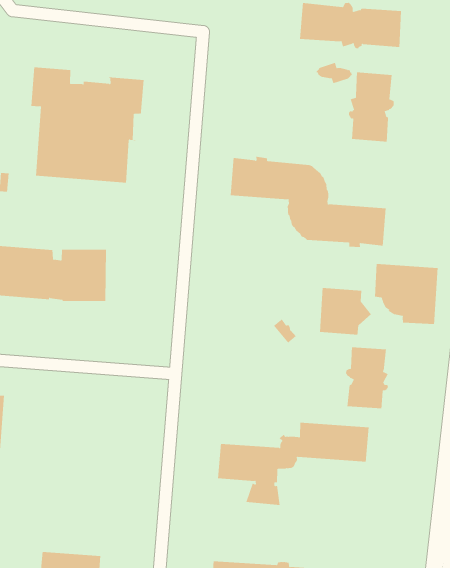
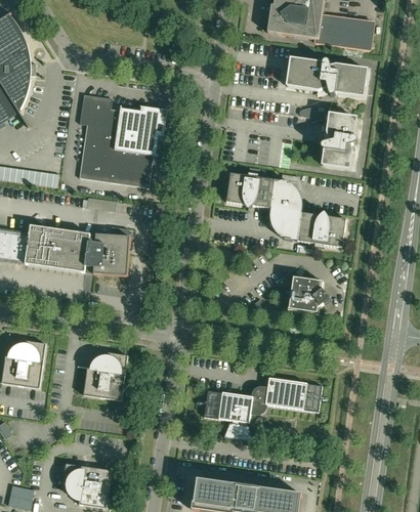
building: [375,263,438,325] -> none
building: [345,346,389,409] -> none
building: none -> [83,351,127,399]

